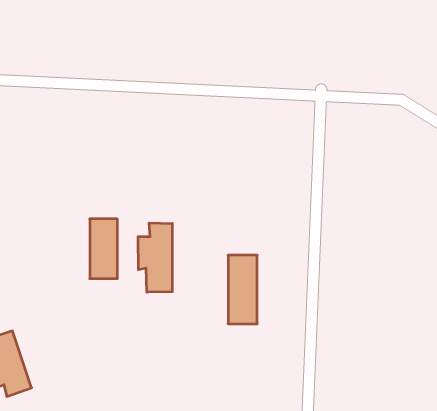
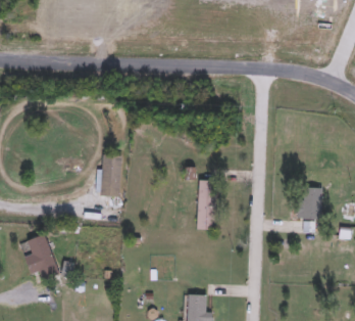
building: [138,223,172,292] -> none
building: none -> [297,188,321,219]

